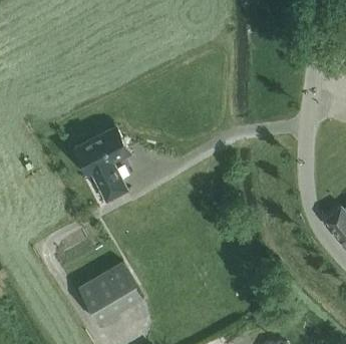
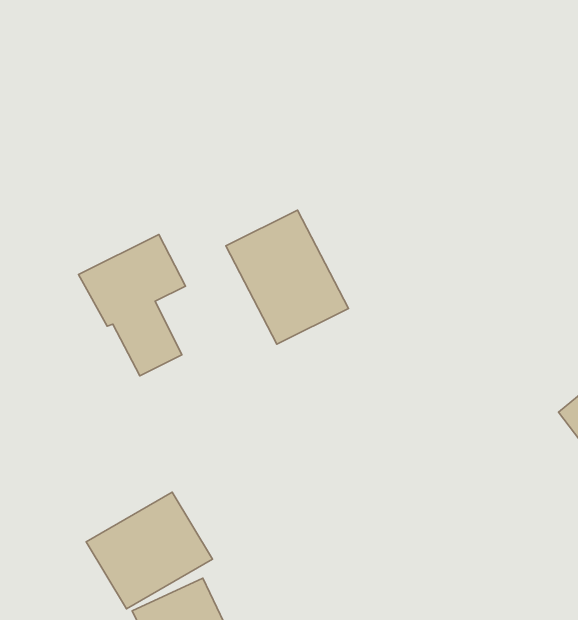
building: none -> [226,210,348,344]

